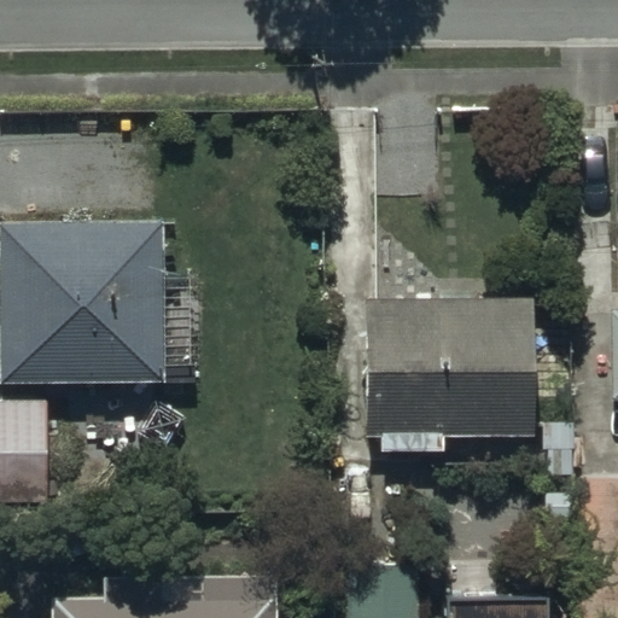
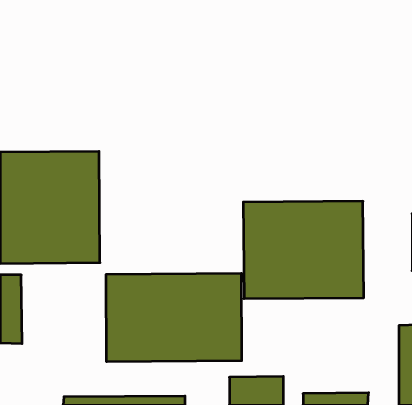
building: none -> [106,273,242,362]

